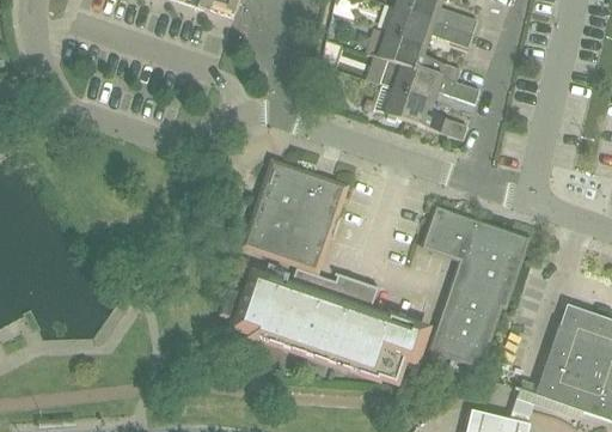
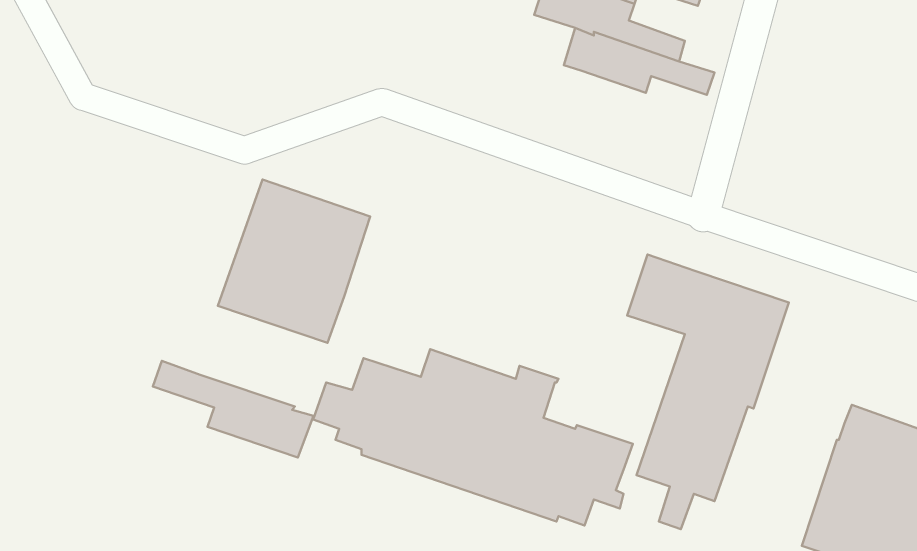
building: [385,86,467,138] -> none
building: [245,162,343,267] -> [218,180,370,343]
building: none -> [153,361,314,458]

